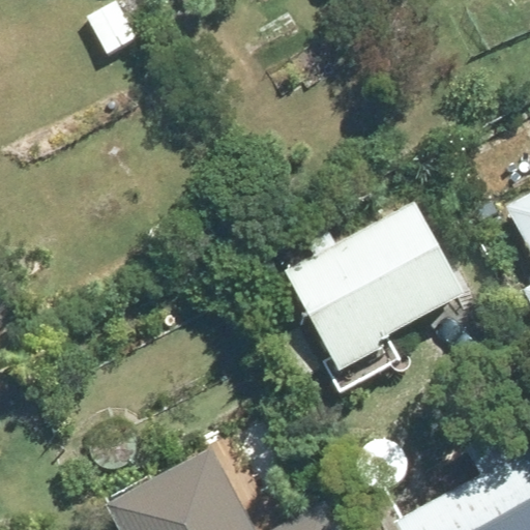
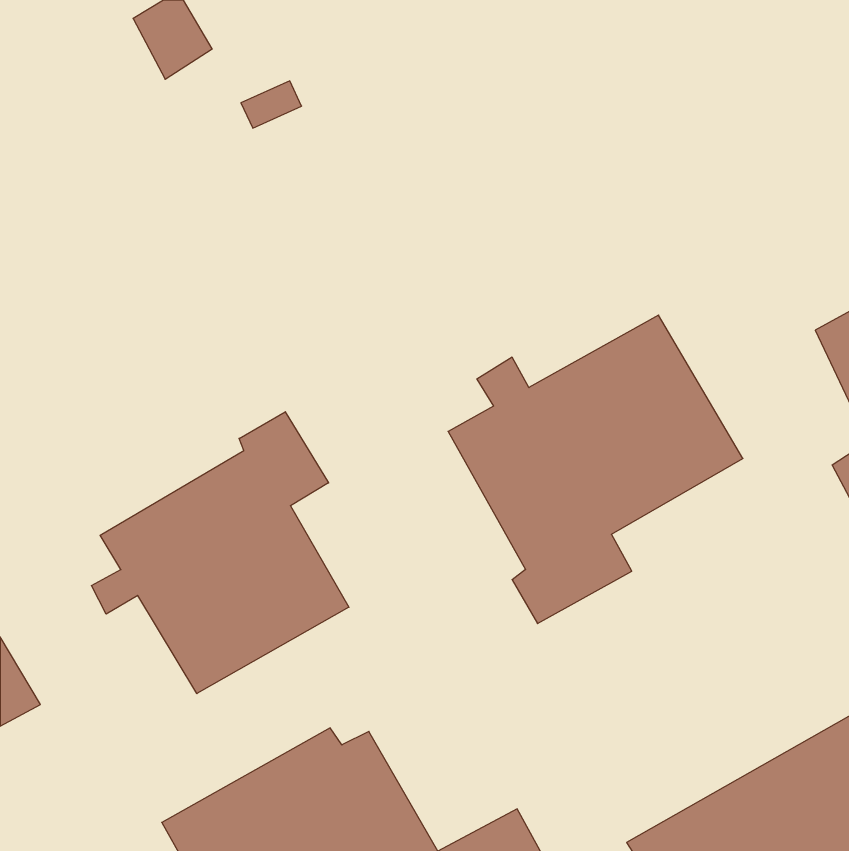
building: none -> [91,412,349,694]

